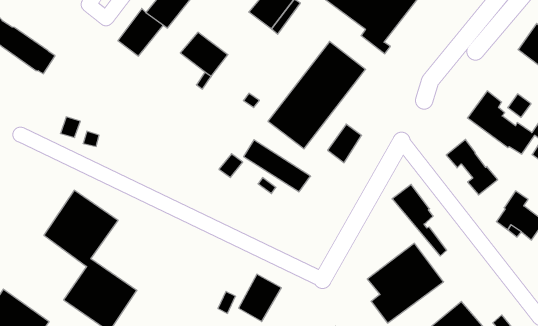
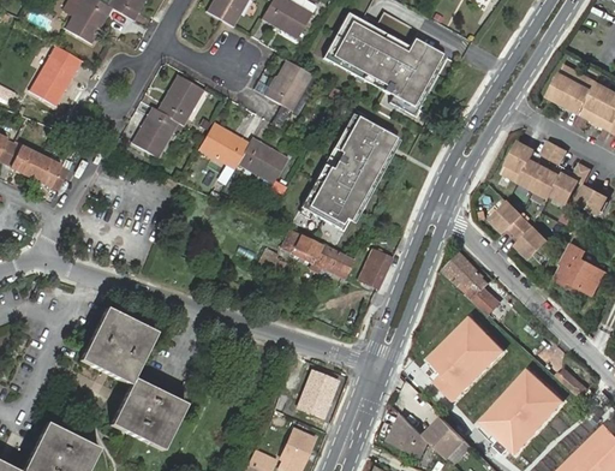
building: none -> [237,137,286,183]
building: [328,124,362,163] -> [358,248,392,288]

